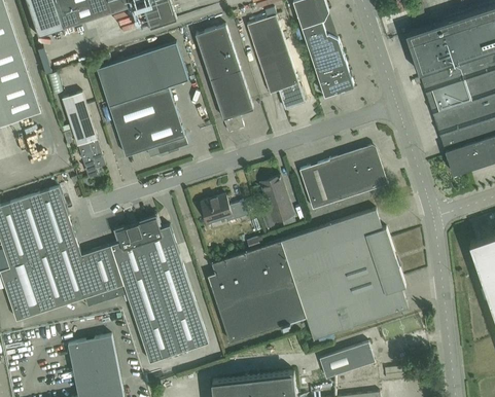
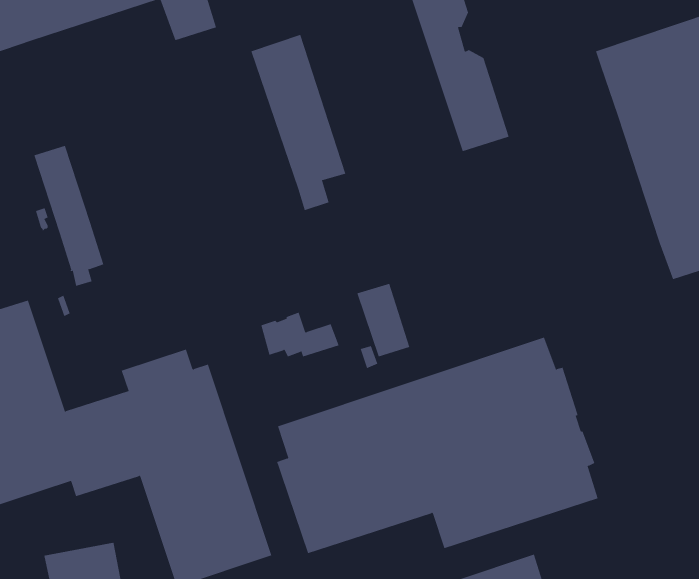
building: [246,14,305,110] -> none
building: [97,43,187,157] -> none
building: [298,147,387,210] -> none

